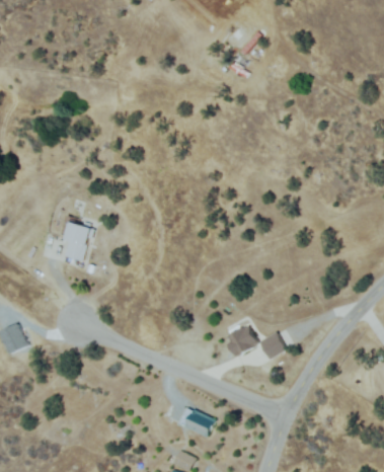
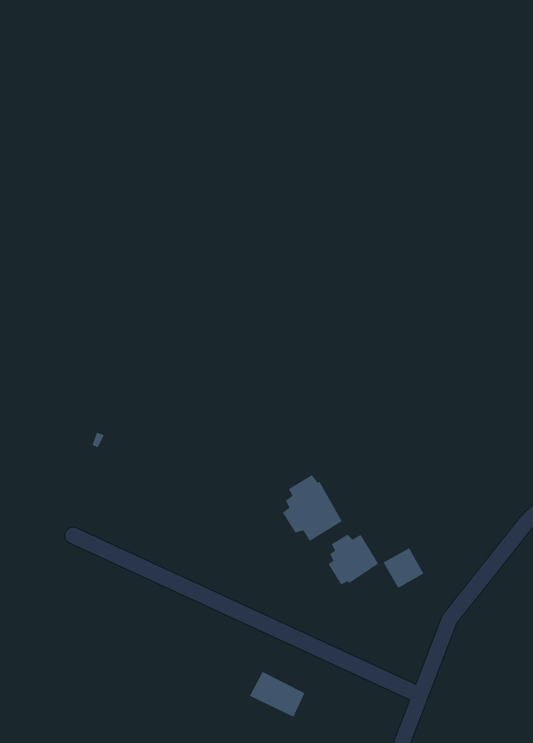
building: [63,221,93,260] -> none
building: none -> [282,474,343,542]

